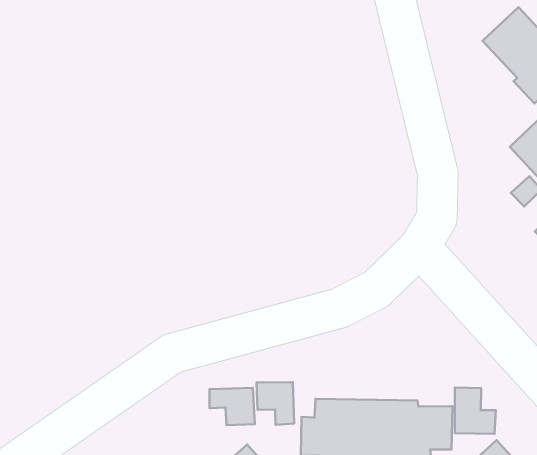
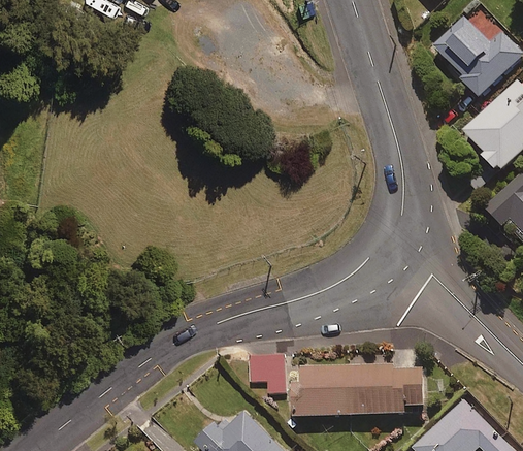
building: [455,387,496,434] -> none
building: [209,388,255,425] -> none

